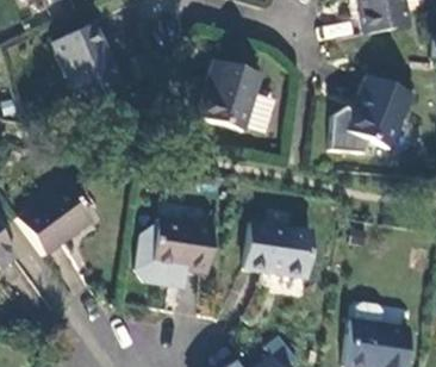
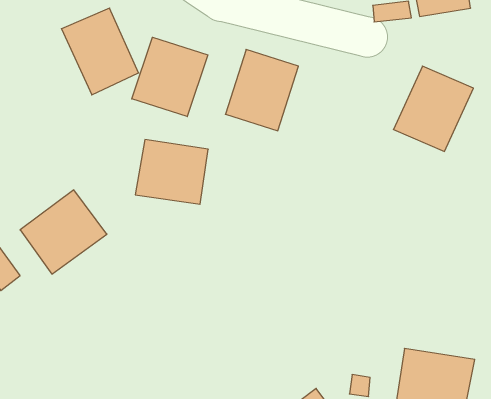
building: none -> [132,37,208,117]
building: [151,217,214,273] -> [135,140,208,204]
building: [245,222,314,278] -> none

